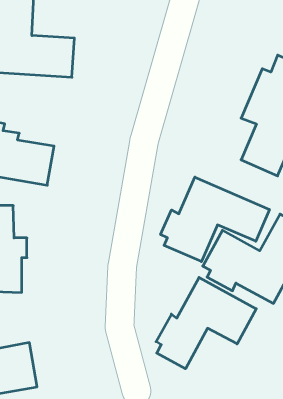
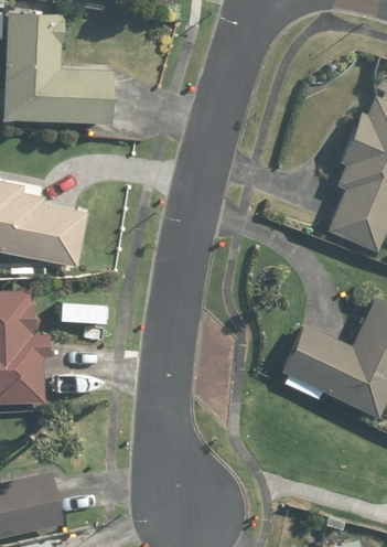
building: [161,177,269,262] -> none
building: [156,277,256,369] -> none

